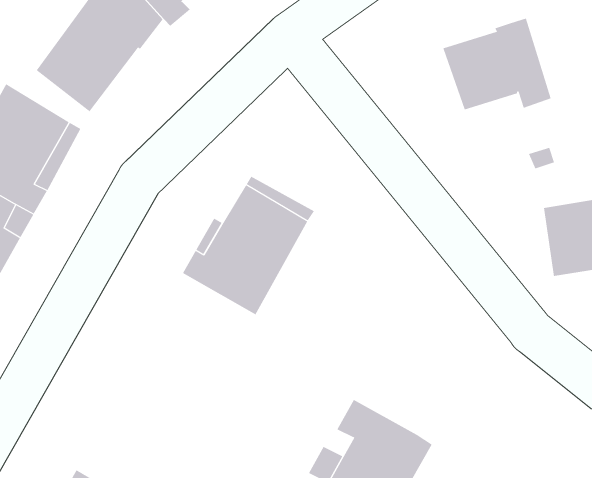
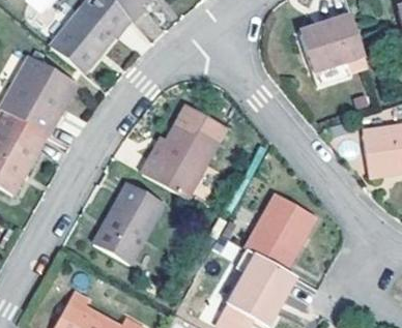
building: none -> [92,182,163,263]
building: none -> [246,193,316,271]

